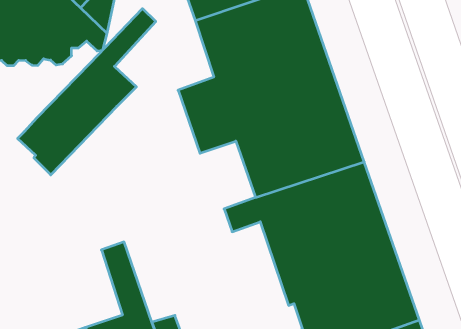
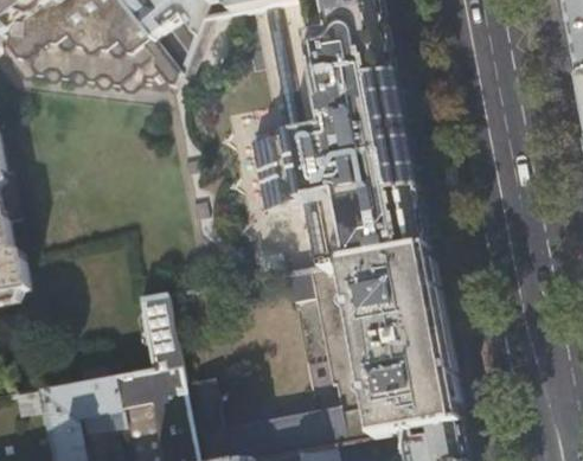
building: [18,9,156,175] -> none

